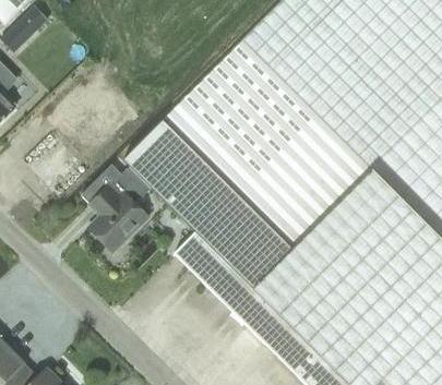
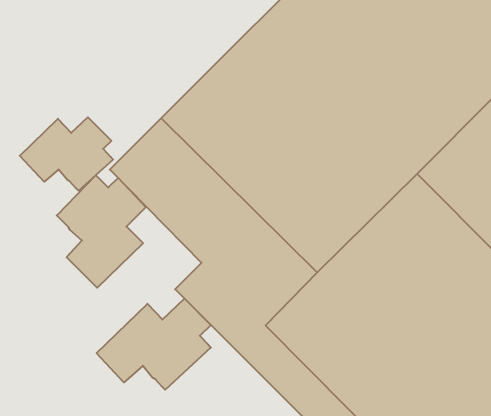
building: none -> [20,117,113,191]
building: none -> [97,299,211,390]

